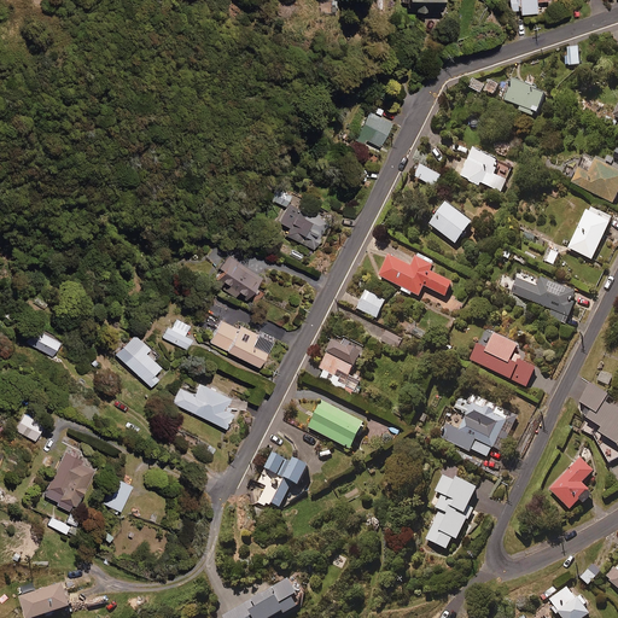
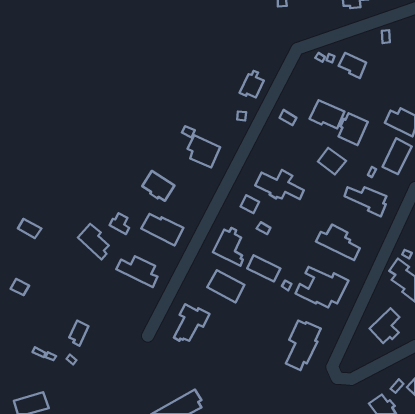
building: none -> [338,113,368,145]
building: [430,203,472,243] -> [318,148,346,175]
building: none -> [247,255,280,281]
building: [46,454,94,508] -> none

